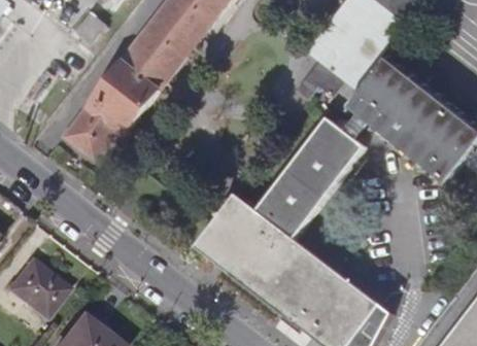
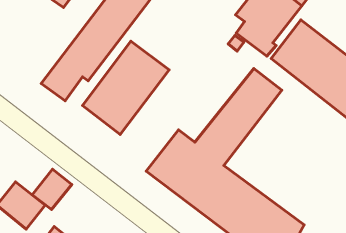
building: none -> [82,41,169,134]
building: none -> [32,169,72,210]

